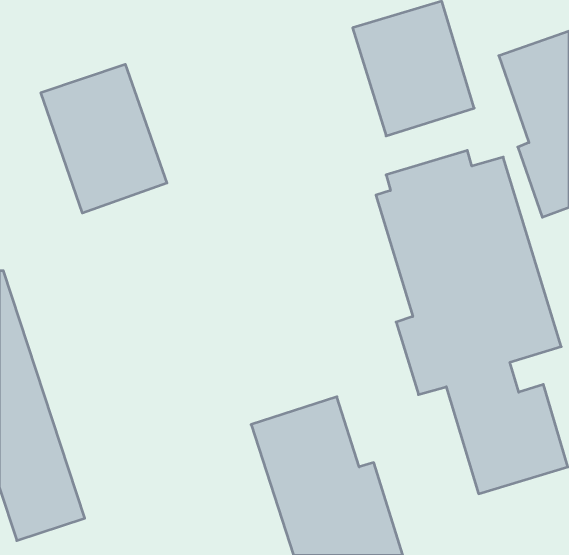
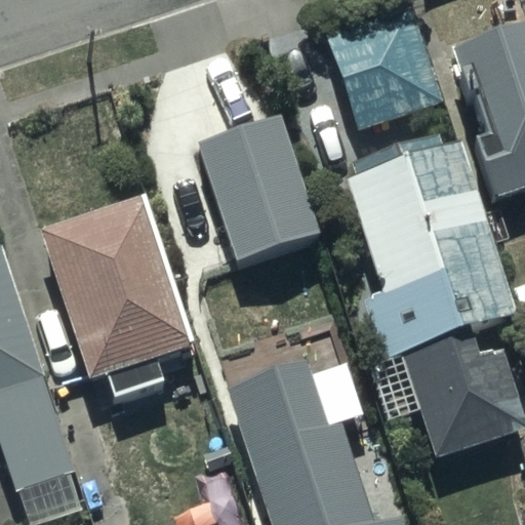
building: [41,64,167,213] -> none
building: none -> [202,117,321,262]
building: none -> [41,200,197,402]

